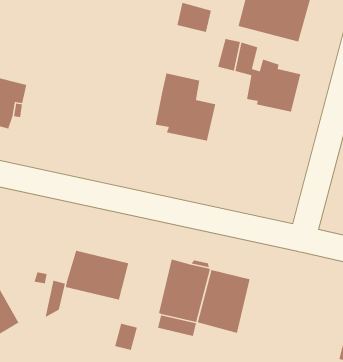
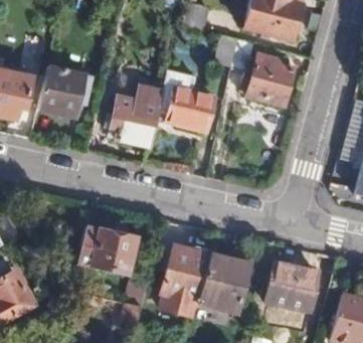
building: none -> [39,68,90,119]
building: none -> [112,81,165,148]
building: none -> [266,264,318,312]

